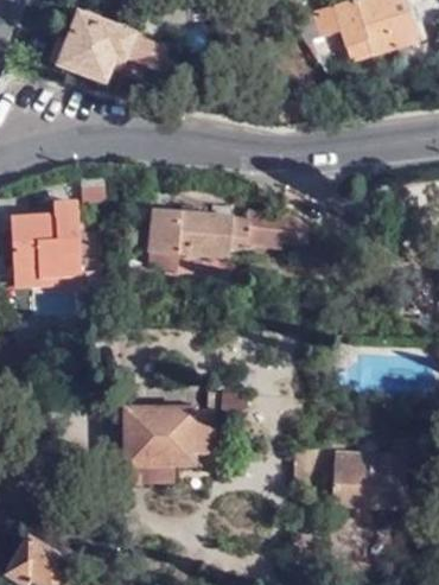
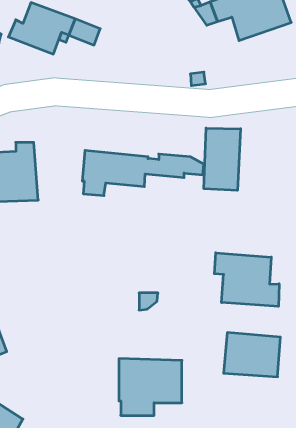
building: none -> [204,128,241,190]
building: none -> [214,253,279,306]
building: [123,408,206,483] -> [119,359,182,415]

